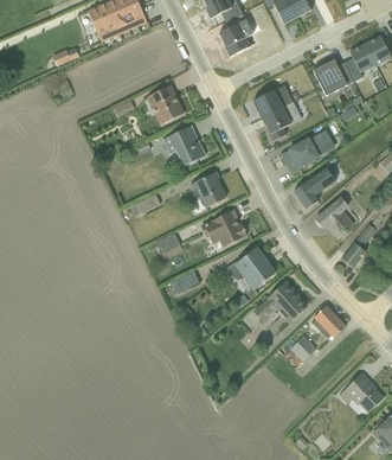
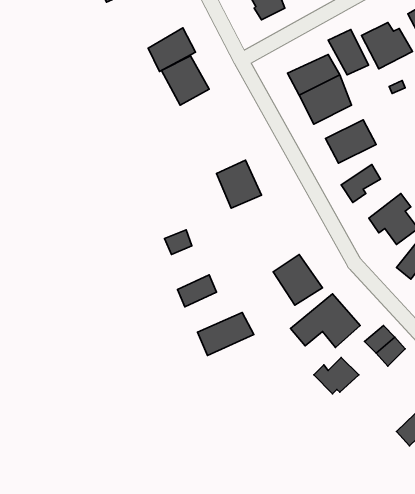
building: none -> [148,28,195,71]
building: none -> [328,29,369,75]
building: [163,123,207,170] -> none
building: [206,209,248,250] -> none
building: none -> [197,312,254,355]

